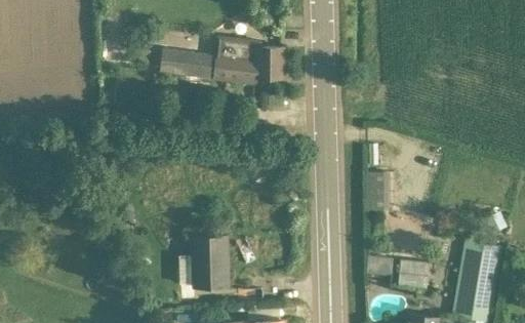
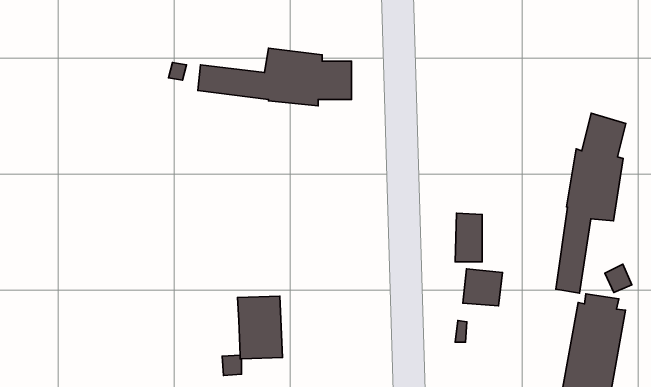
building: none -> [556,113,626,293]
building: [398,259,430,289] -> [463,269,502,306]

